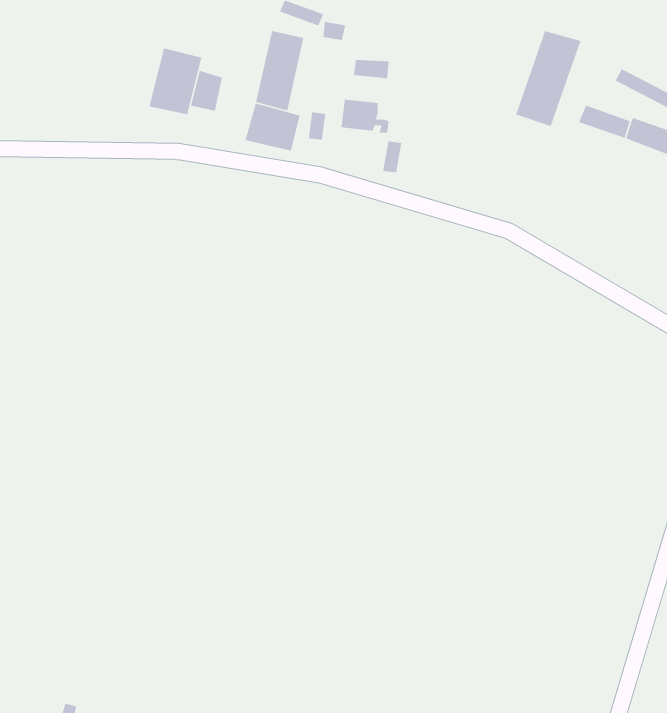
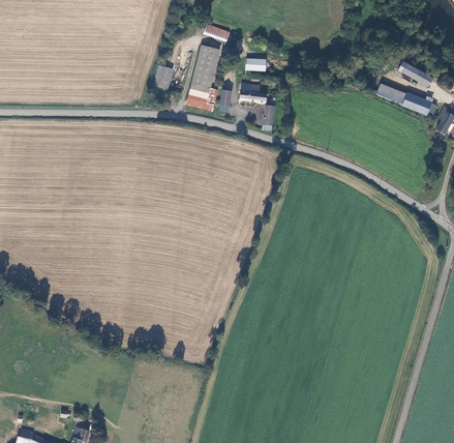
building: [515,30,581,127] -> none
building: [148,48,202,115] -> none

